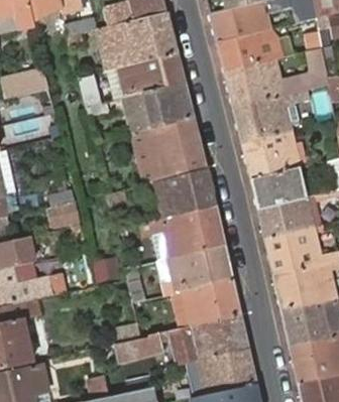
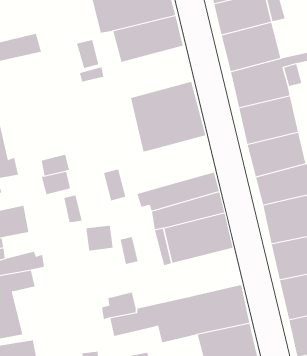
building: [122,84,195,136] -> none
building: [160,170,217,219] -> none
building: [176,279,243,326] -> none

